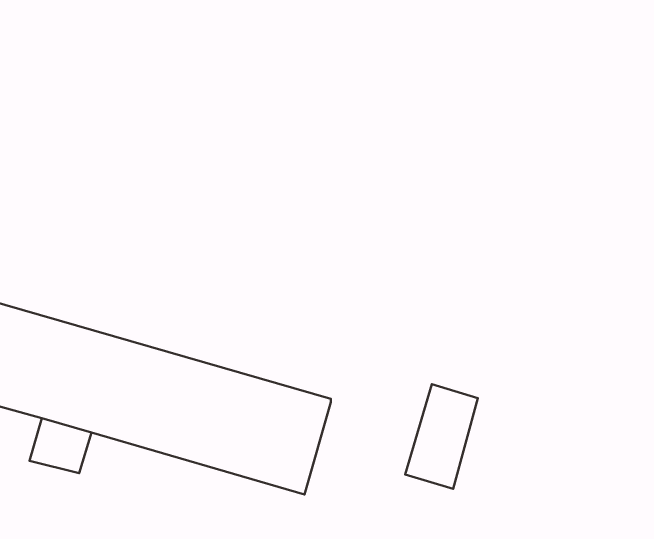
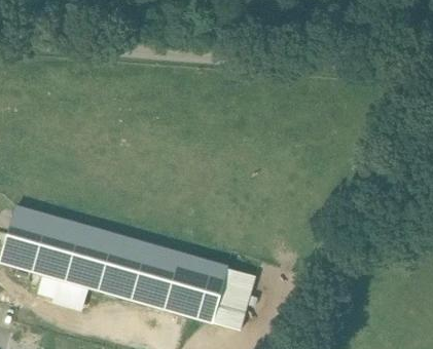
building: [405,384,478,489] -> [211,269,253,329]

